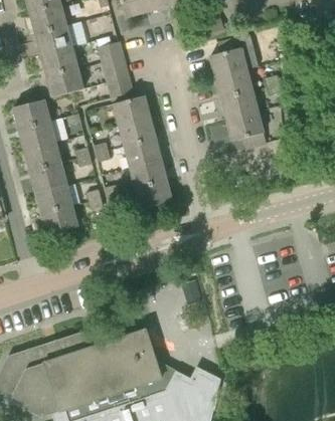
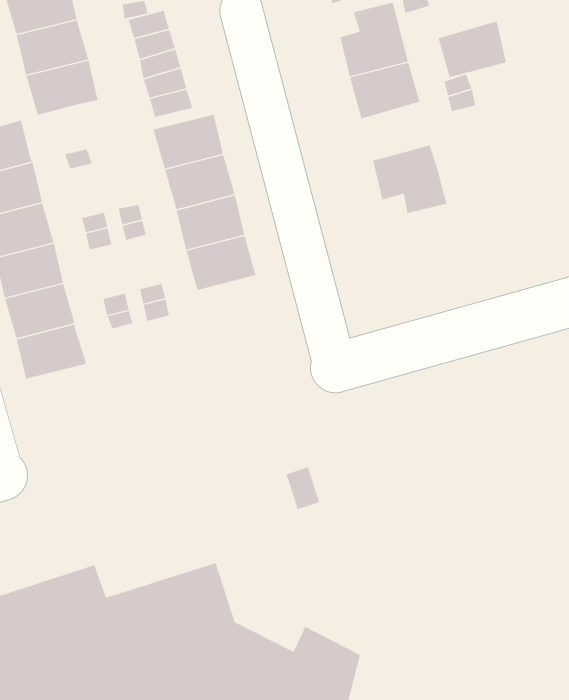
building: [220,89,257,120] -> [438,20,507,78]
building: [135,180,171,209] -> none

